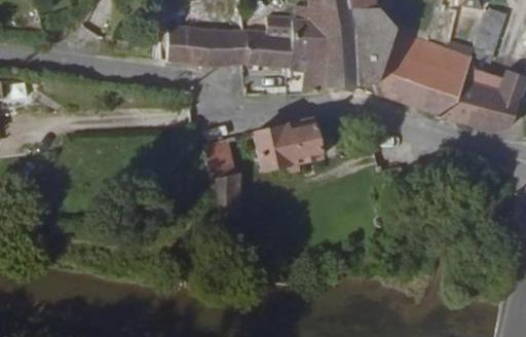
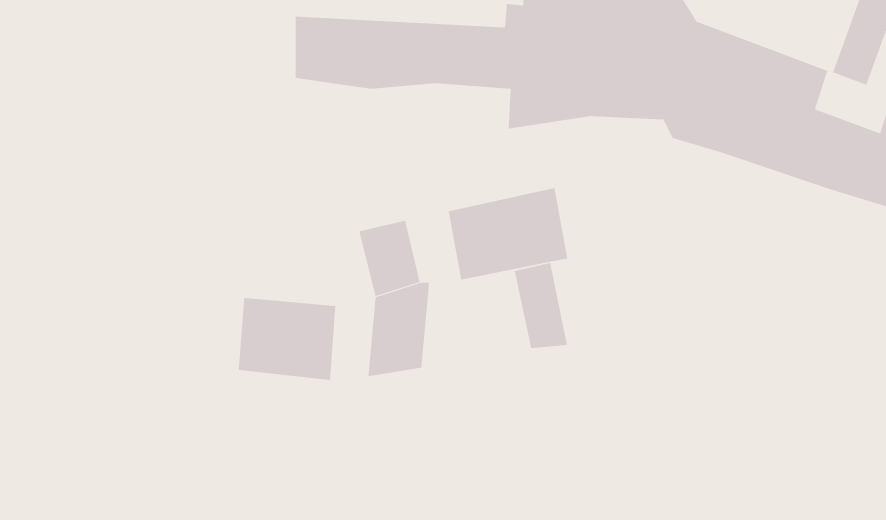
building: none -> [514,262,567,349]
building: none -> [238,297,336,381]

